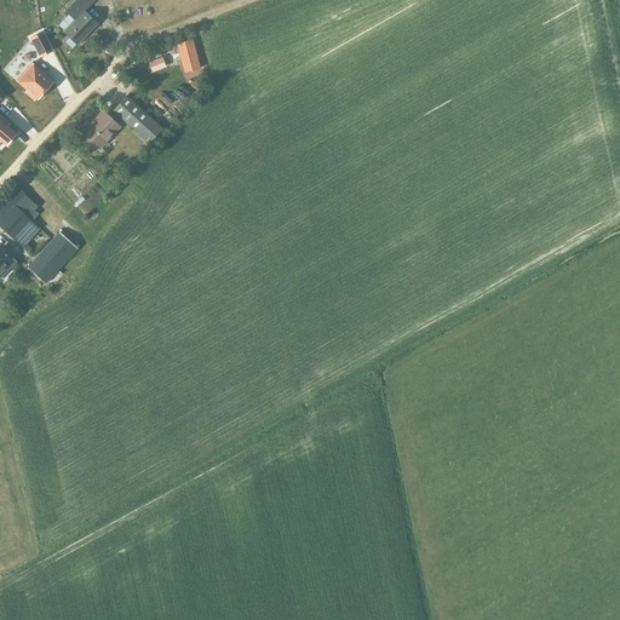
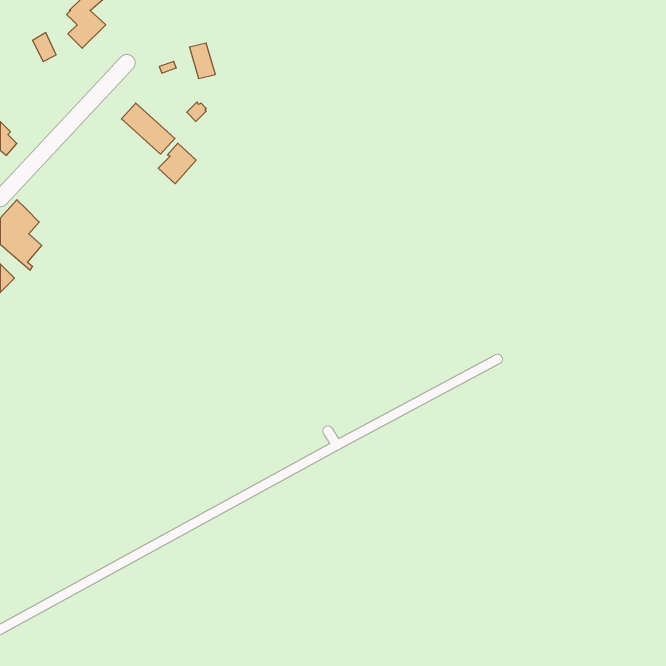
building: [17,62,54,101] -> none
building: [86,110,121,148] -> [158,143,196,184]
building: [29,231,79,283] -> none

